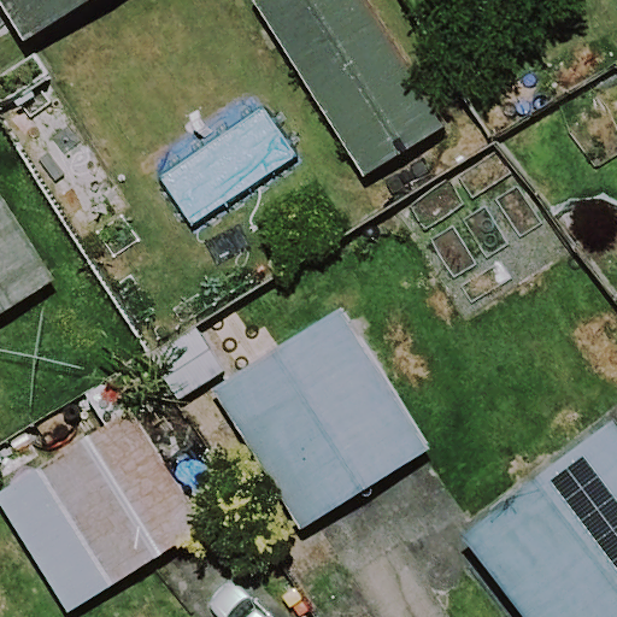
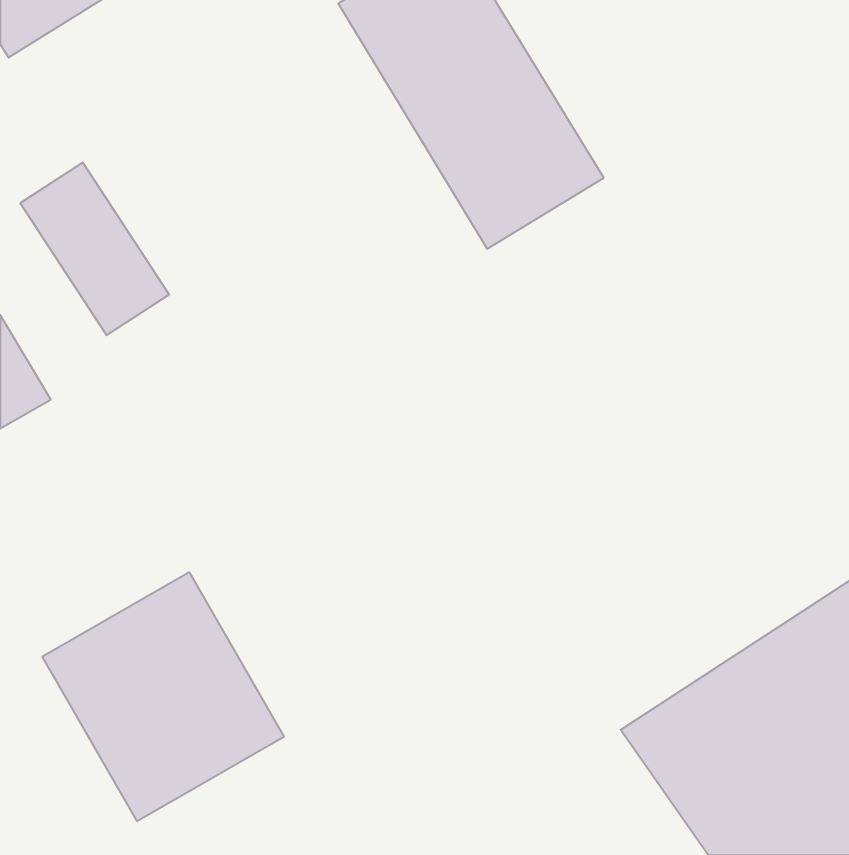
building: [218,313,427,528] -> none

